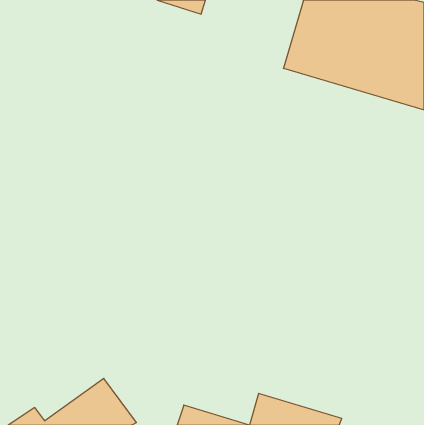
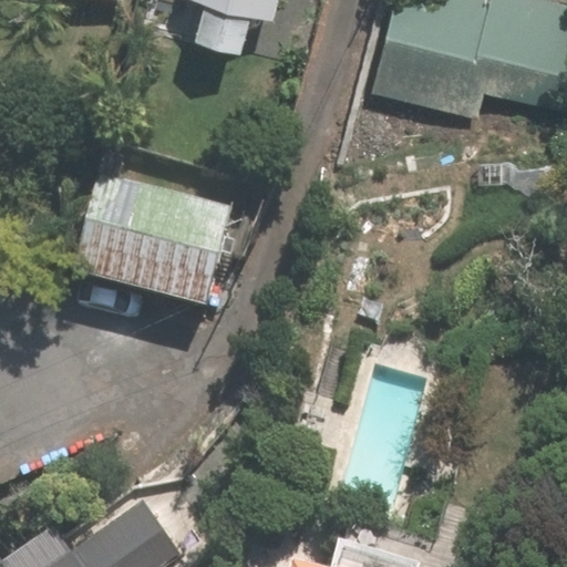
building: none -> [70,175,228,313]

